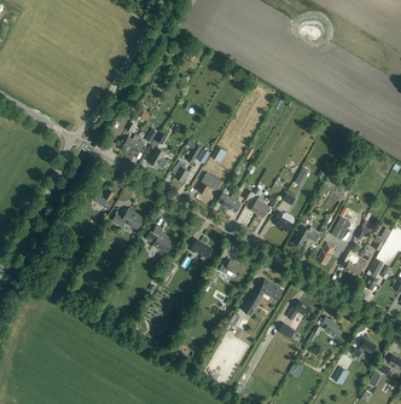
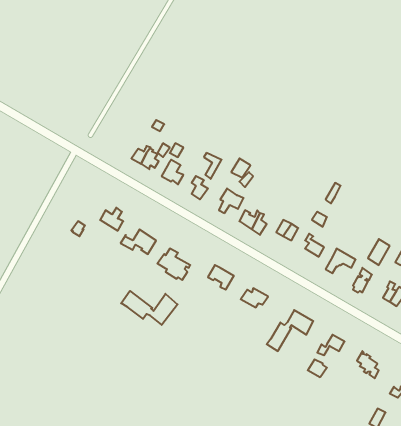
building: none -> [121,291,178,325]

